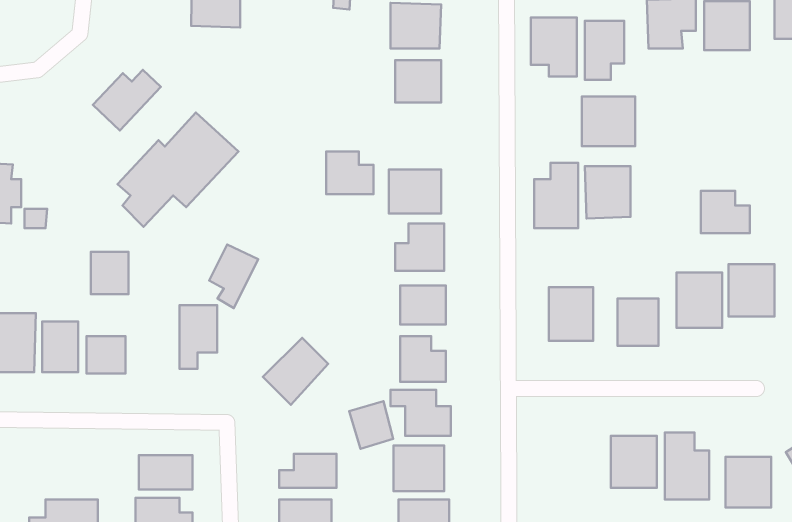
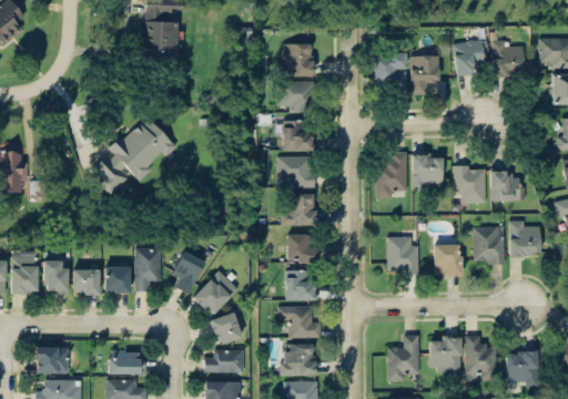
building: [93,70,161,130] -> none
building: [582,97,635,146] -> none
building: [326,152,374,194] -> [283,121,315,150]
building: none -> [457,166,485,203]
building: [209,245,258,308] -> [172,250,205,294]
building: [91,252,129,294] -> [104,266,130,295]
building: [349,401,393,449] -> [211,313,241,345]
building: none -> [387,335,419,380]
building: none -> [34,347,68,372]

